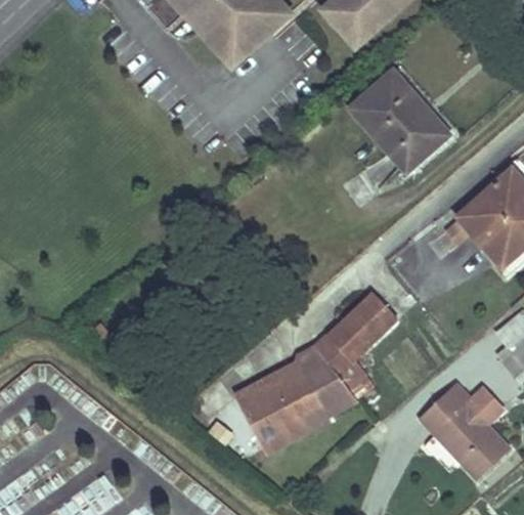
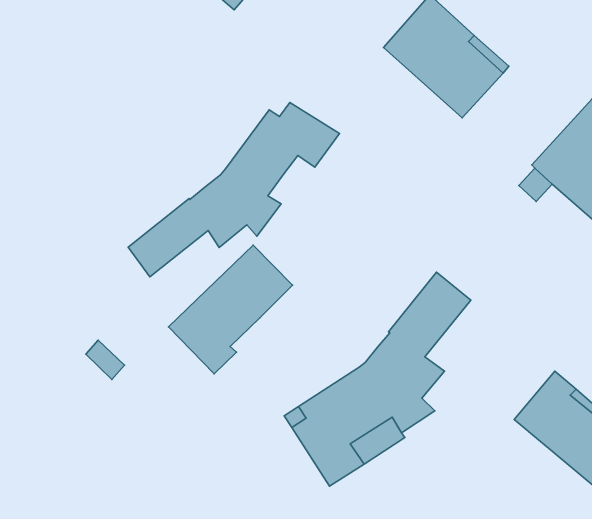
building: none -> [128,102,339,277]
building: none -> [169,245,292,374]

